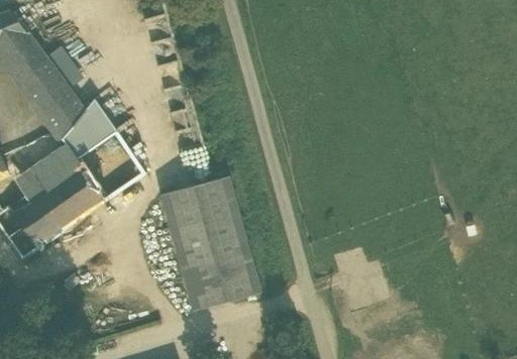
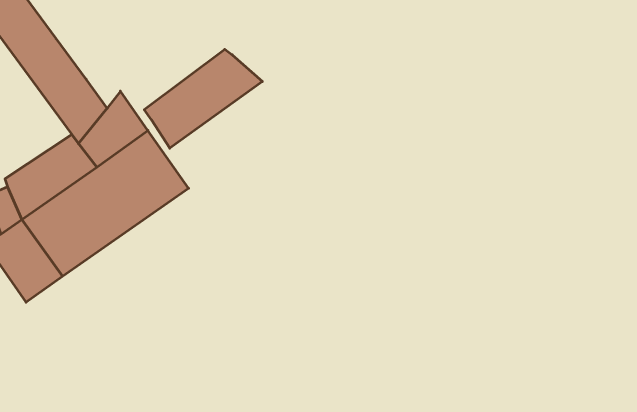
building: [43,45,83,89] -> none
building: none -> [144,49,262,148]
building: [160,175,260,311] -> none

